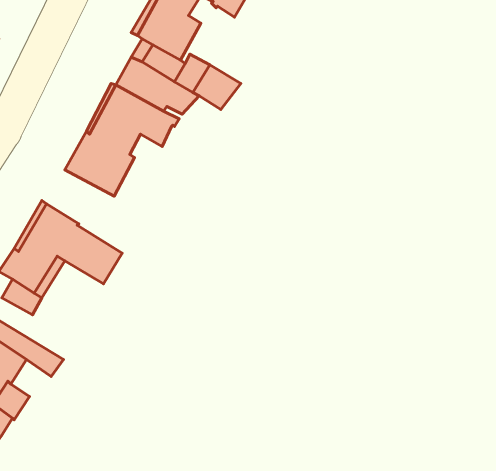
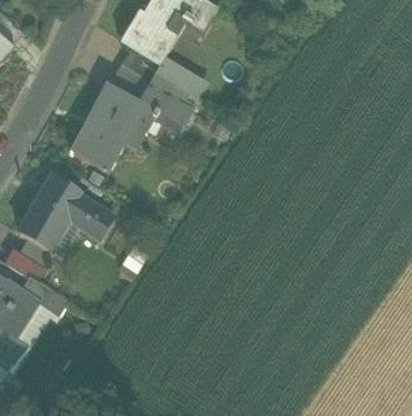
building: none -> [147,93,192,133]

